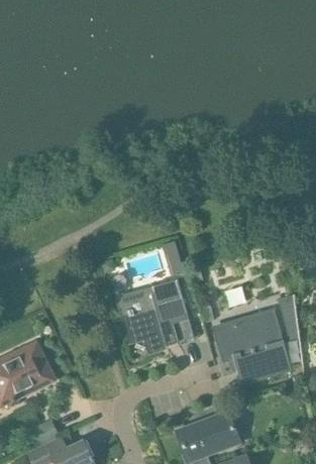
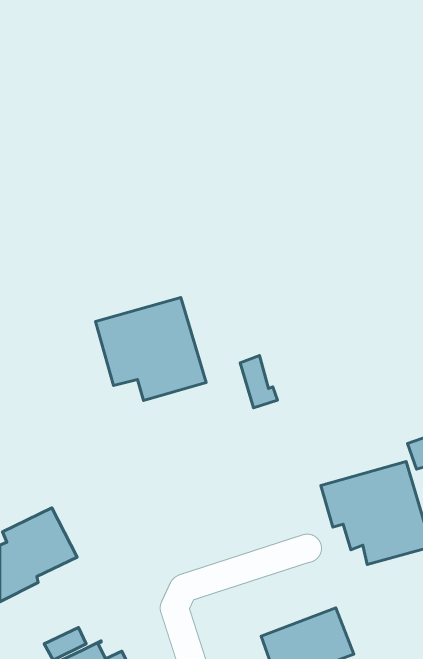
building: [119,279,194,349] -> [96,298,206,401]

